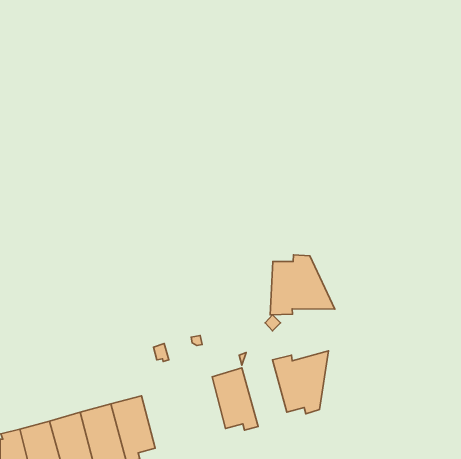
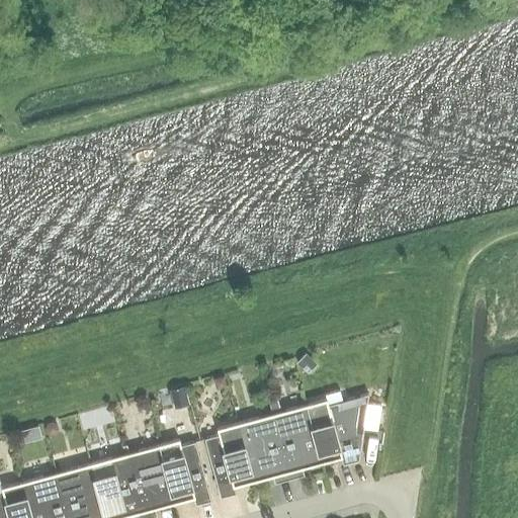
building: [270,255,335,315] -> none
building: none -> [271,406,322,481]
building: none -> [204,425,253,499]
building: none -> [159,441,211,506]

